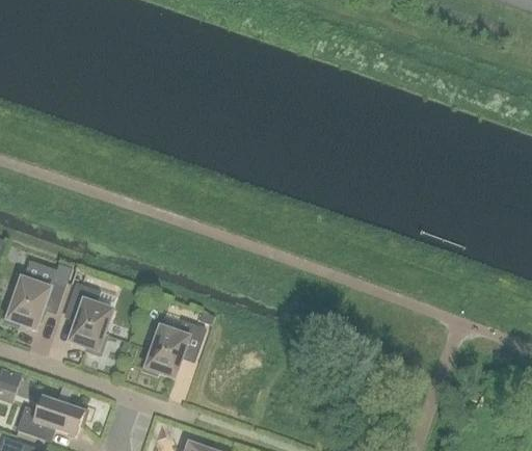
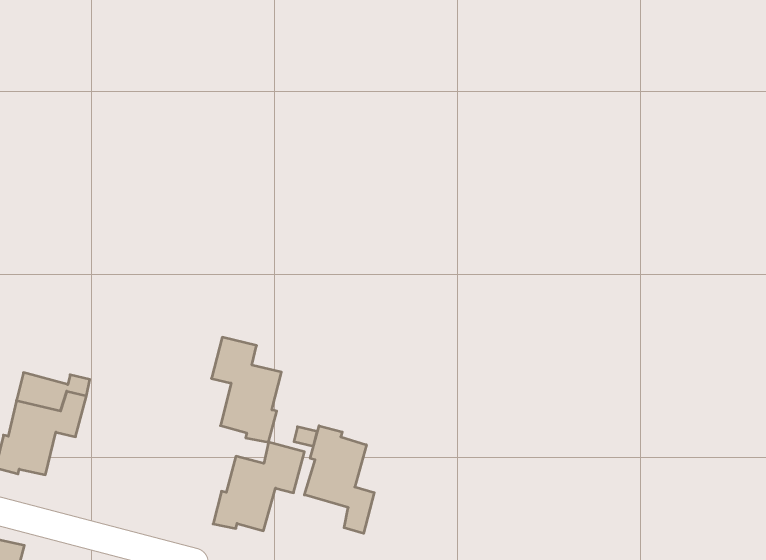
building: [65,283,111,353] -> [211,337,281,442]
building: none -> [304,426,374,533]

